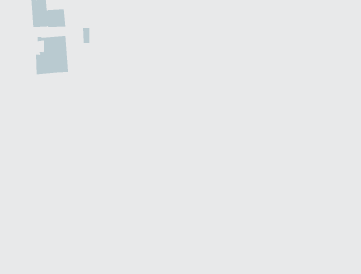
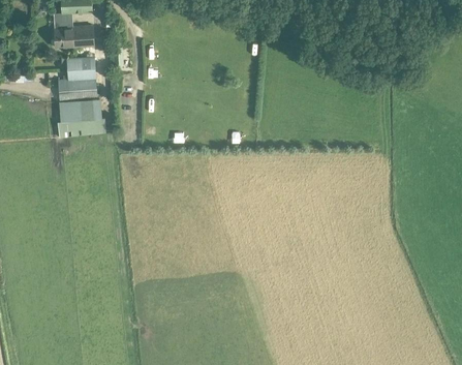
building: none -> [58,97,105,136]

